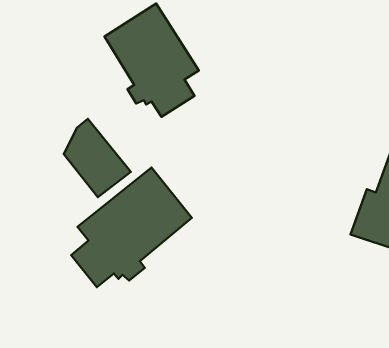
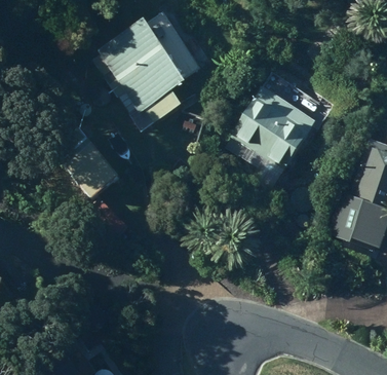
building: none -> [224,85,315,190]
building: [71,167,192,287] -> none

